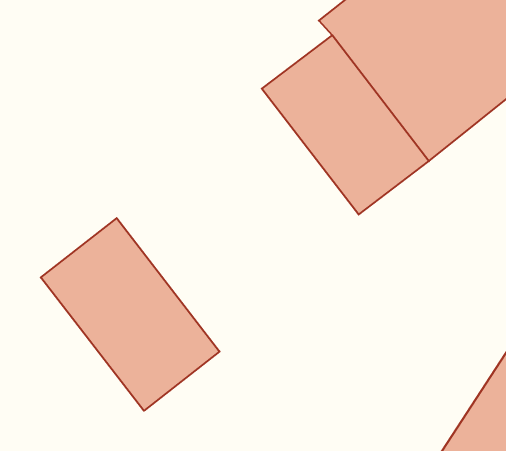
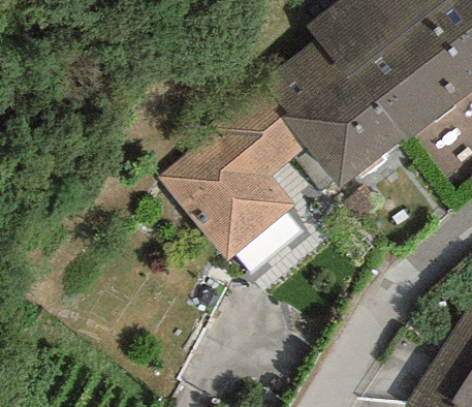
building: none -> [161,98,306,262]
building: [41,218,220,411] -> none

